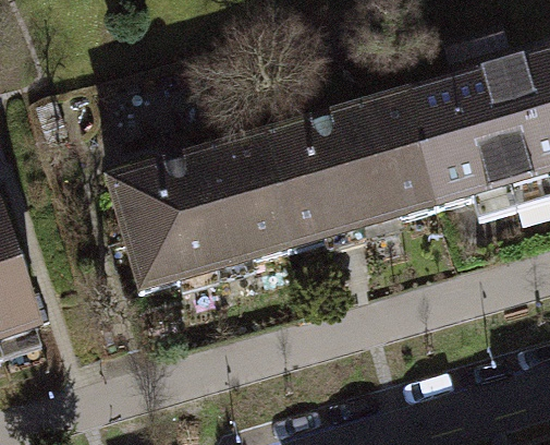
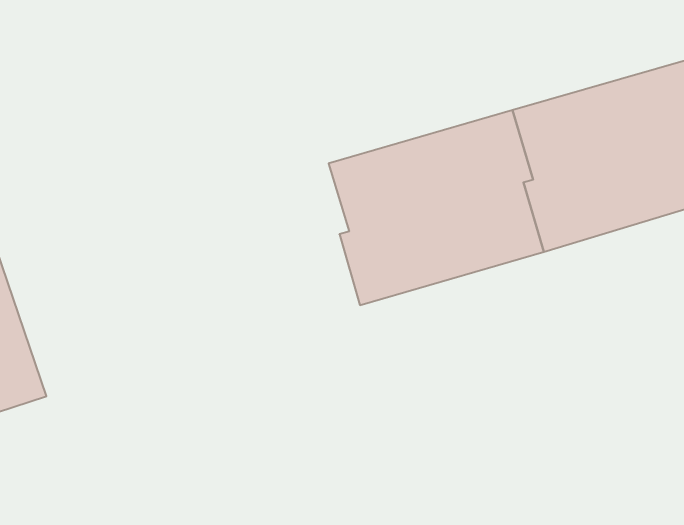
building: [110,134,291,290] -> none

